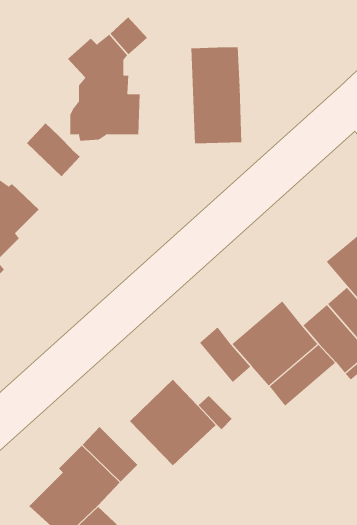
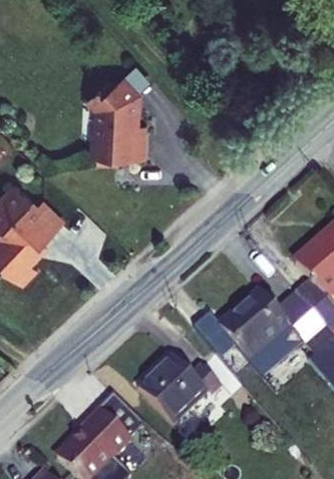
building: [191,47,242,144] -> none
building: [26,123,81,177] -> none

